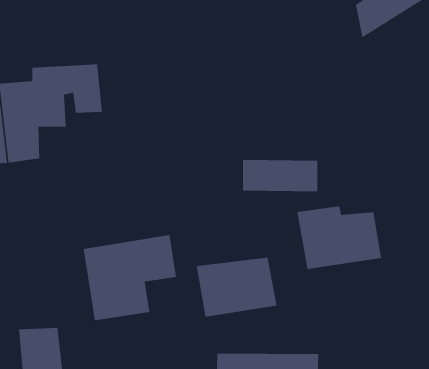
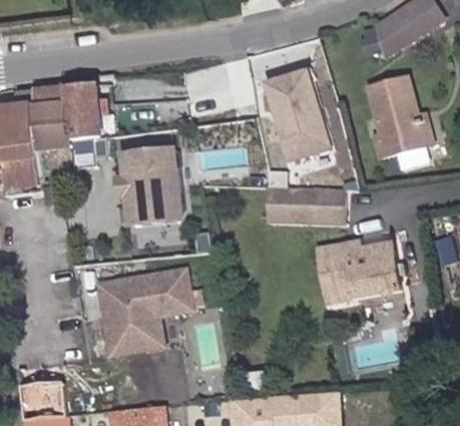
building: none -> [260,69,327,162]
building: none -> [368,78,438,161]
building: none -> [109,145,178,227]
building: [196,257,277,317] -> none

